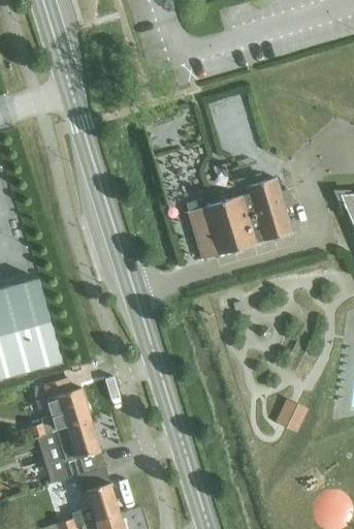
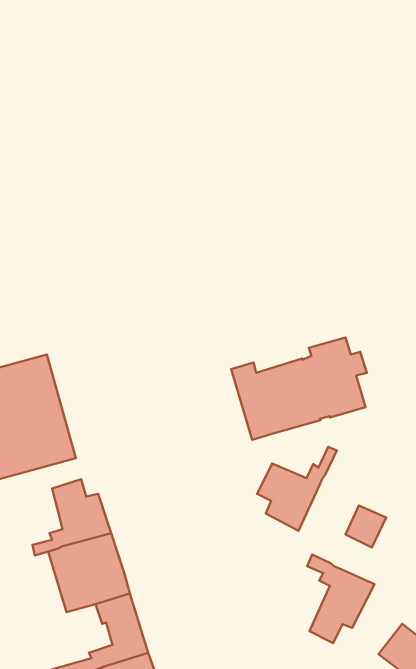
building: [186,180,292,260] -> [231,337,367,440]
building: none -> [257,447,337,531]
building: none -> [307,554,375,643]

